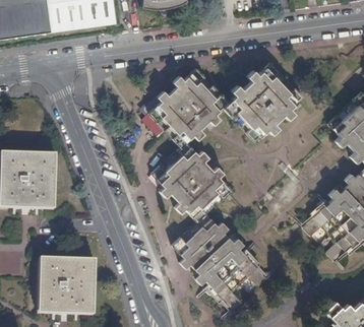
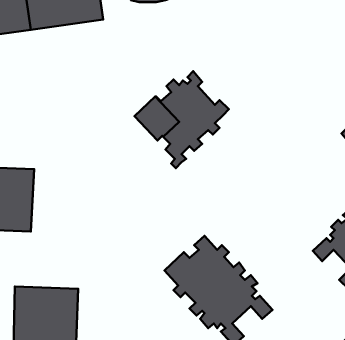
building: [223,62,303,140] -> none
building: [151,147,231,221] -> none

